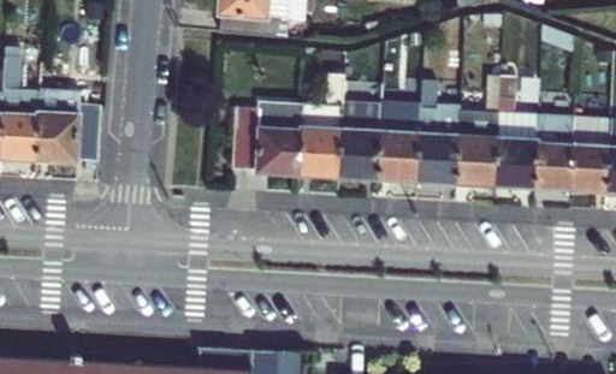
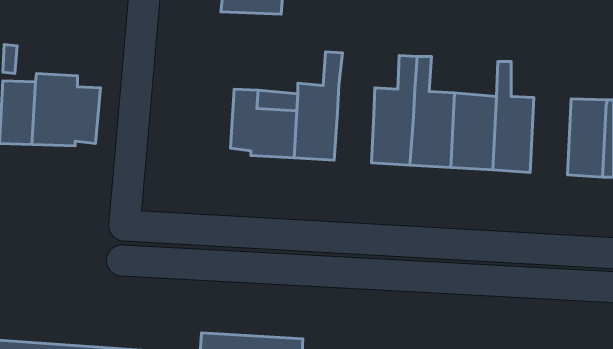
building: [334,101,375,178] -> none
building: [531,113,571,190] -> none

